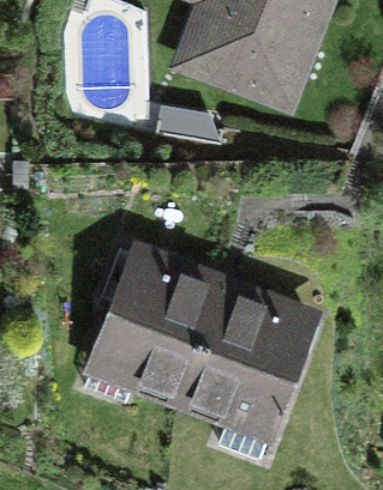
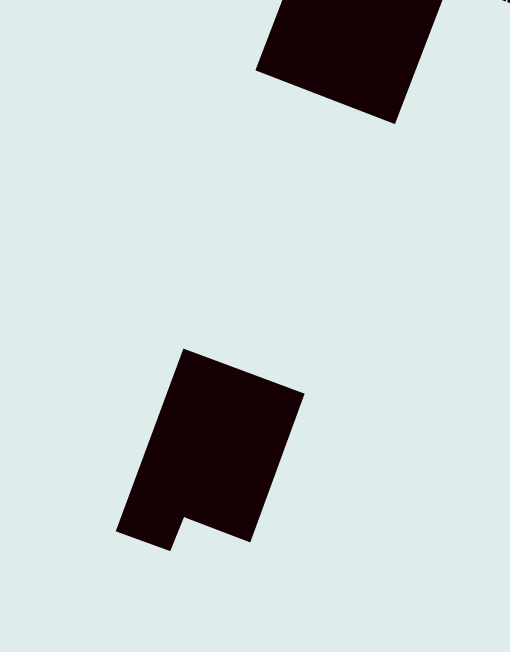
building: [179,284,305,454] -> none

